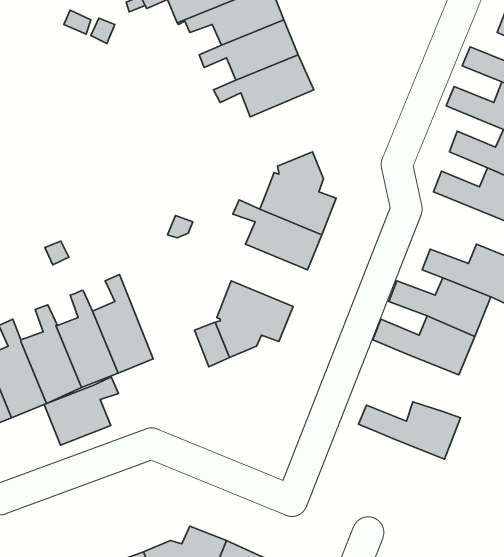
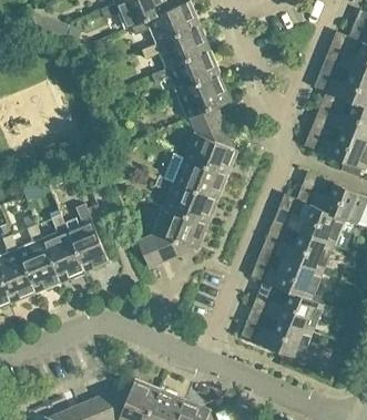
building: none -> [176,75,231,129]
building: none -> [154,176,216,226]
building: none -> [251,260,322,299]
building: [44,377,118,445] -> none
building: none -> [241,319,312,360]

